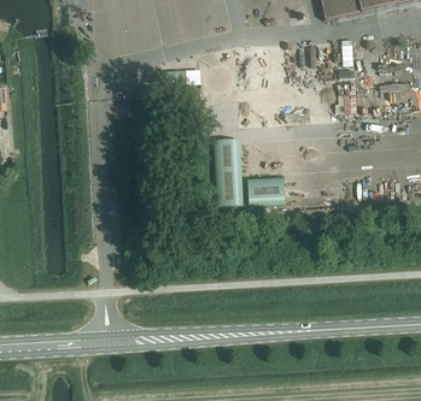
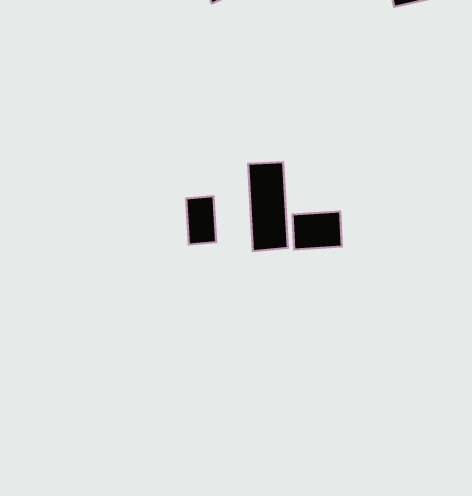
building: none -> [186,196,216,244]

